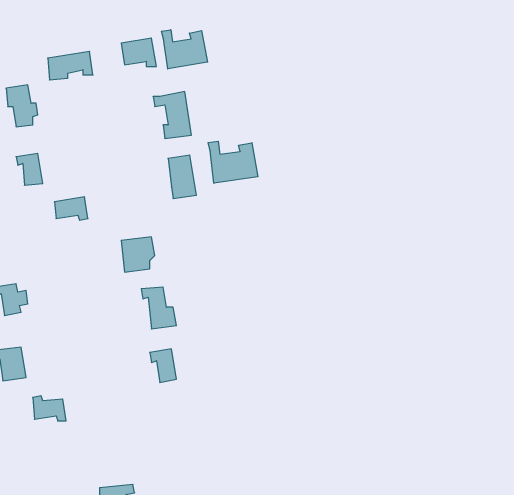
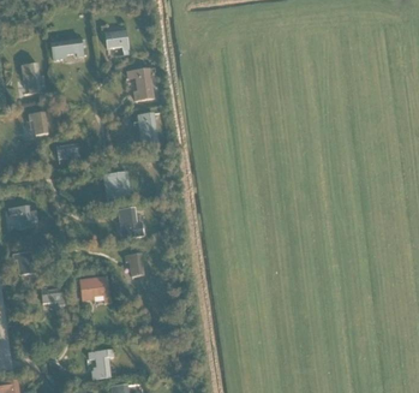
building: [161,30,208,69] -> none
building: [208,141,258,183] -> none
building: none -> [78,276,109,303]

